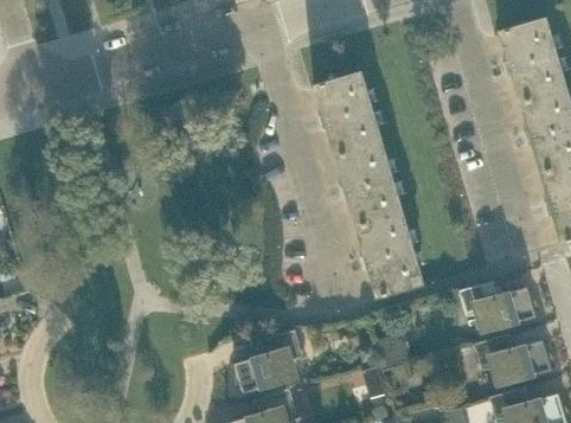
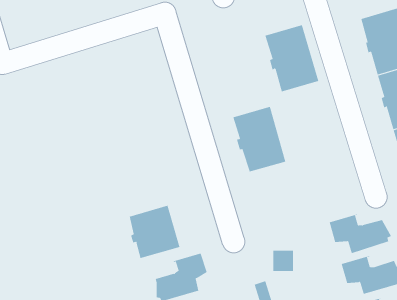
building: [313,70,383,156] -> [265,24,319,92]
building: [355,213,423,297] -> none
building: none -> [129,205,180,259]

